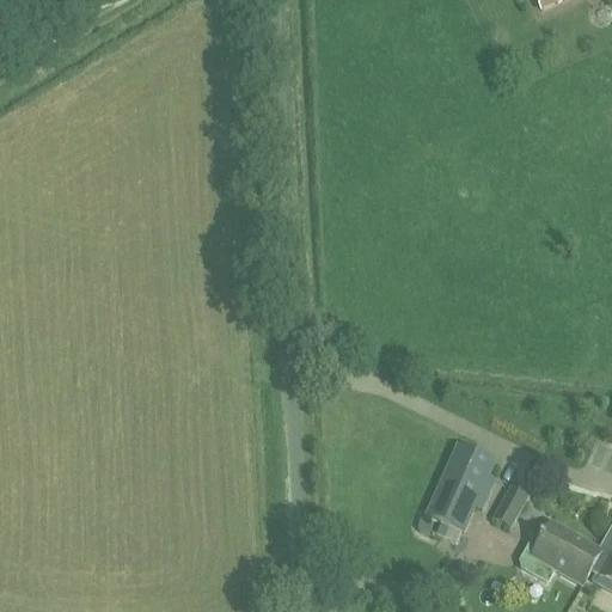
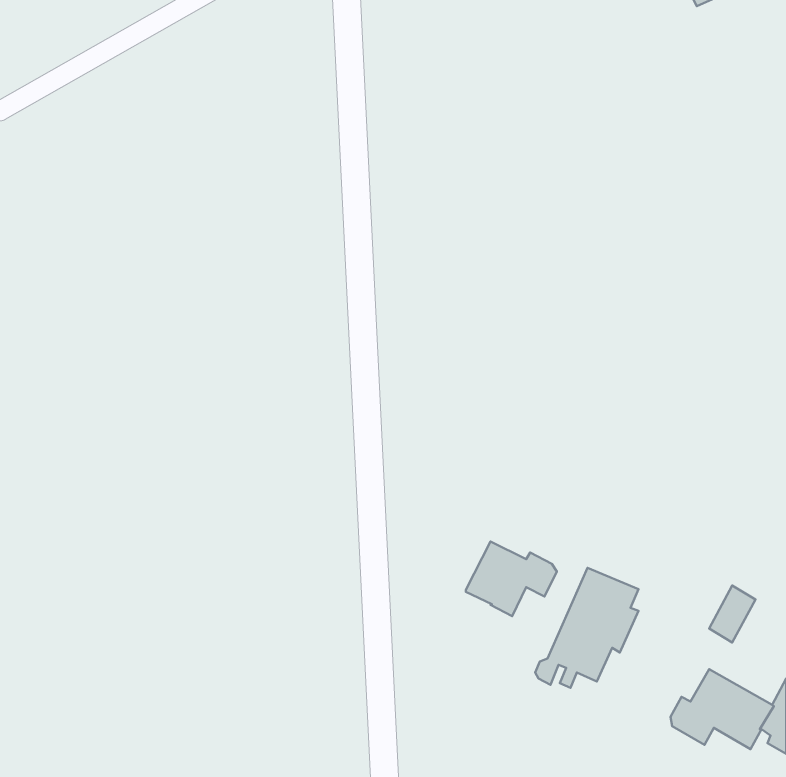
building: none -> [466,541,557,616]
building: [492,482,528,526] -> [709,586,755,642]

